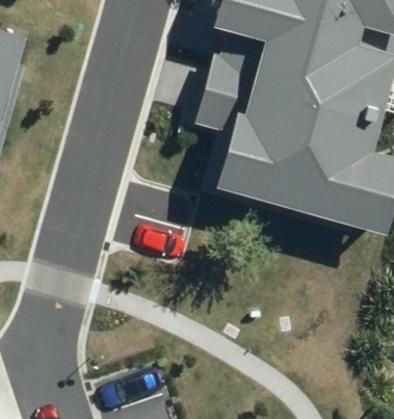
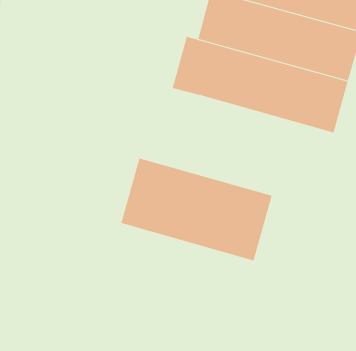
building: [213,125,368,230] -> [121,158,273,261]

